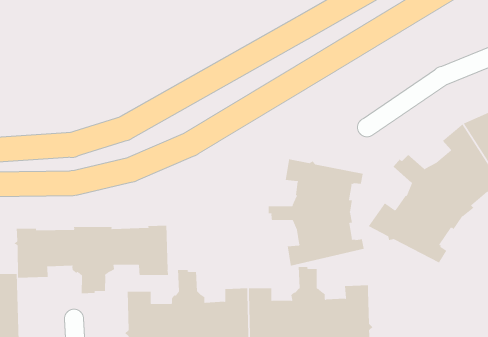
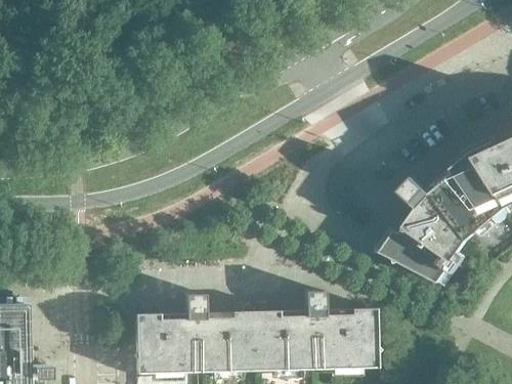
building: [268,158,365,267] -> none
building: [13,225,168,294] -> none

